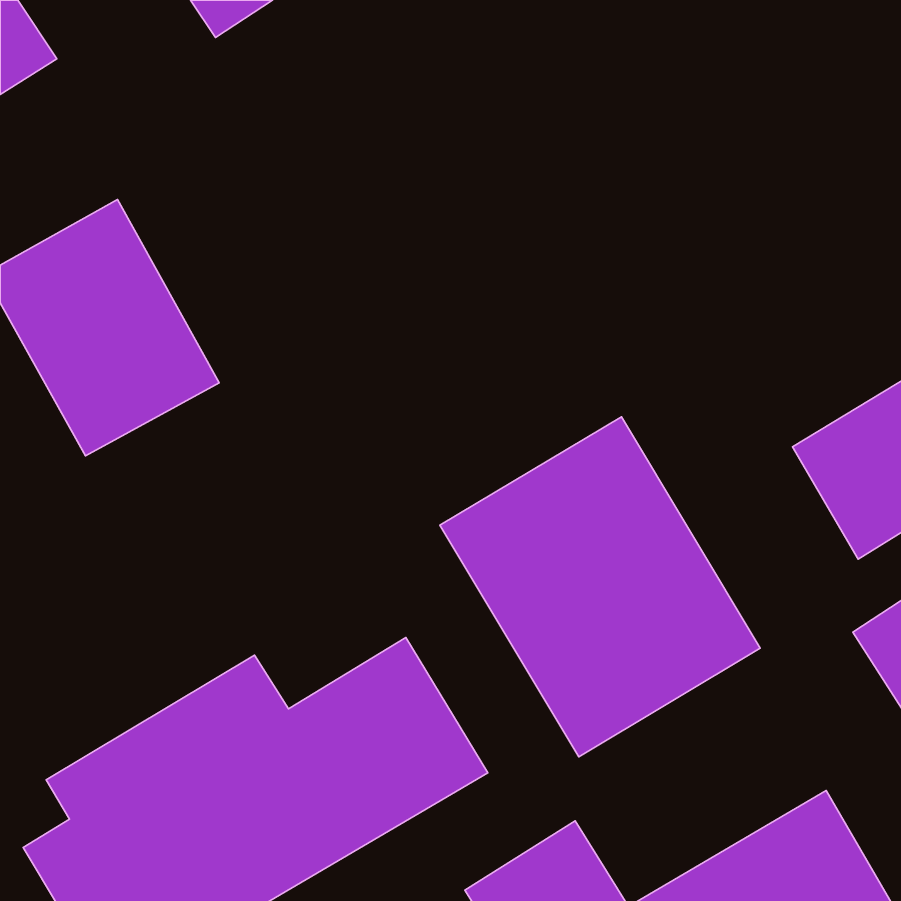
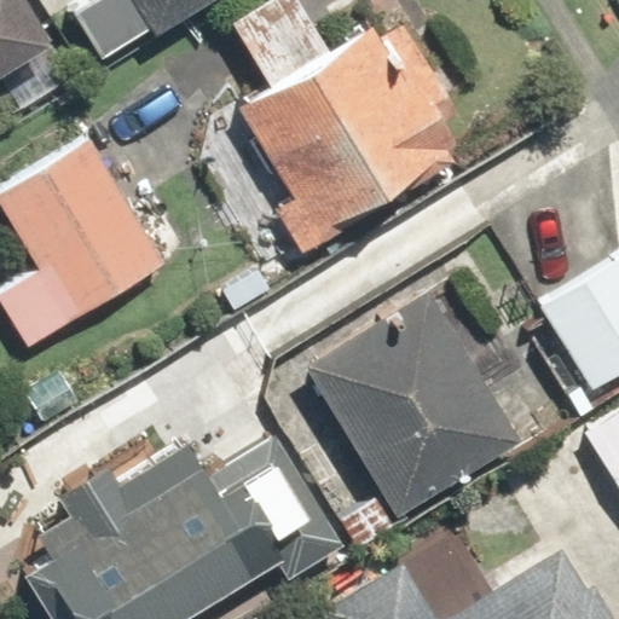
building: none -> [245,31,445,225]

